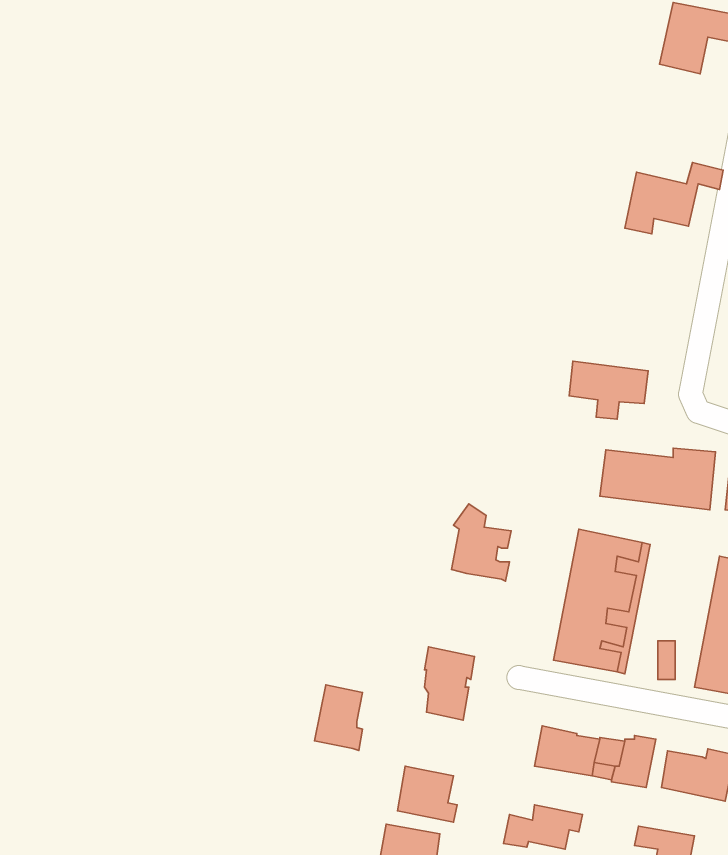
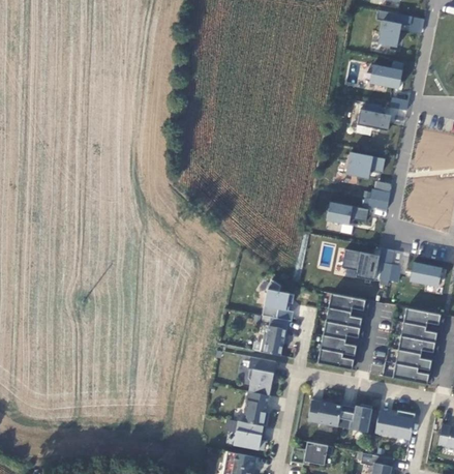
building: none -> [368,61,404,89]
building: none -> [344,151,385,179]
building: none -> [362,180,392,209]
building: none -> [261,317,290,355]
building: [314,685,363,751] -> [243,391,269,426]

